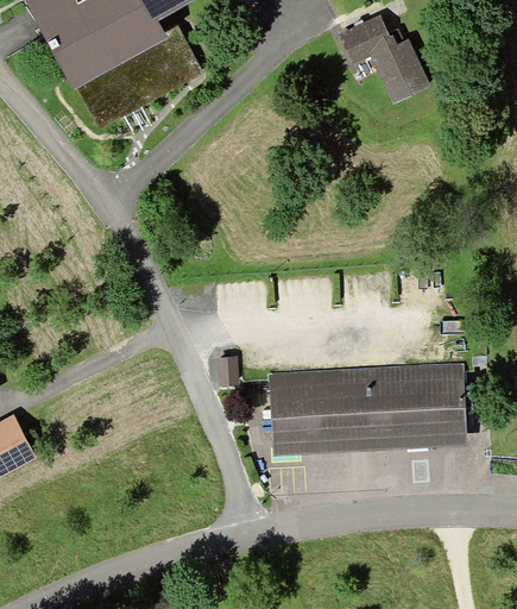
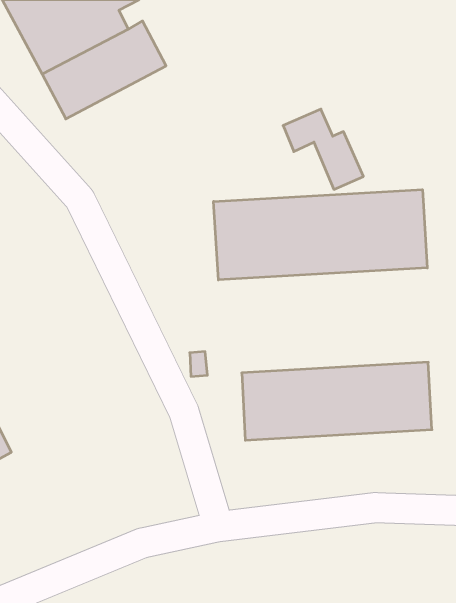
building: [339,14,420,95] -> [283,109,363,189]
building: none -> [214,190,427,280]

